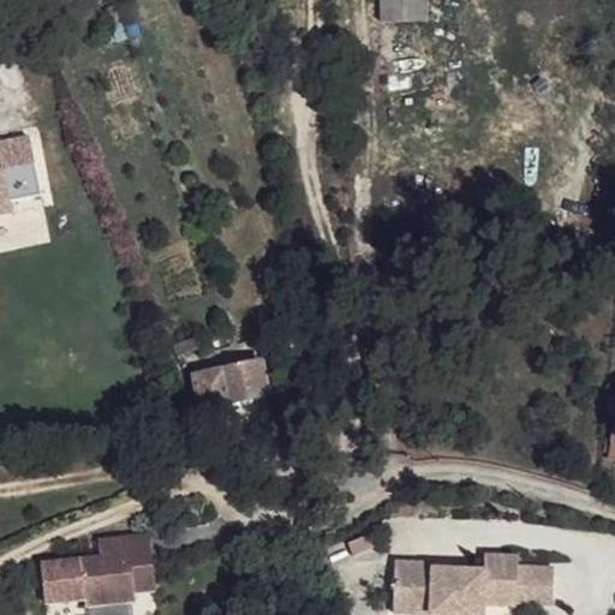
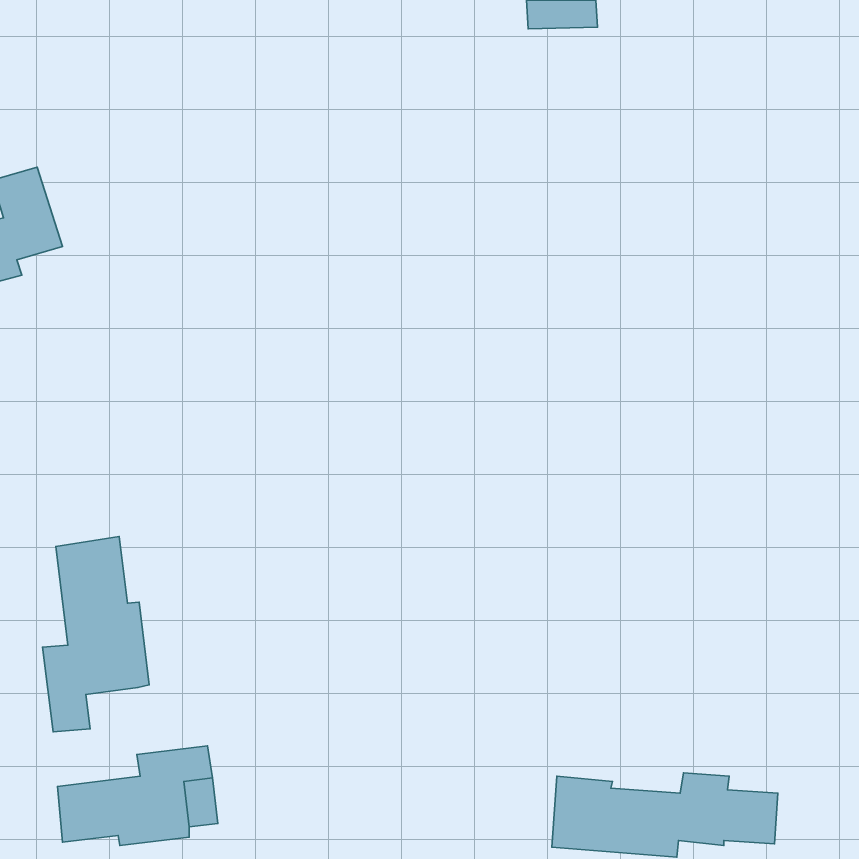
building: [190,365,263,416] -> none
building: none -> [43,537,149,732]

